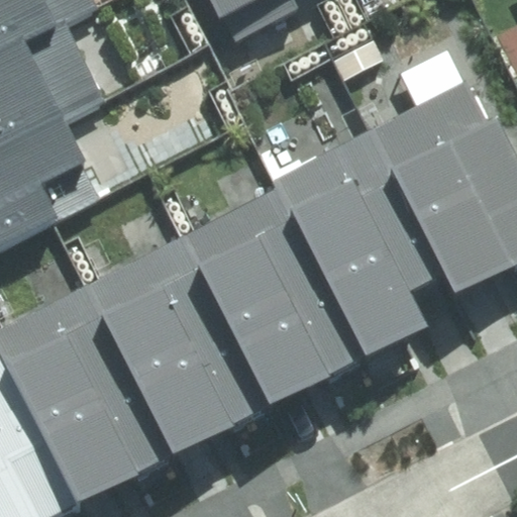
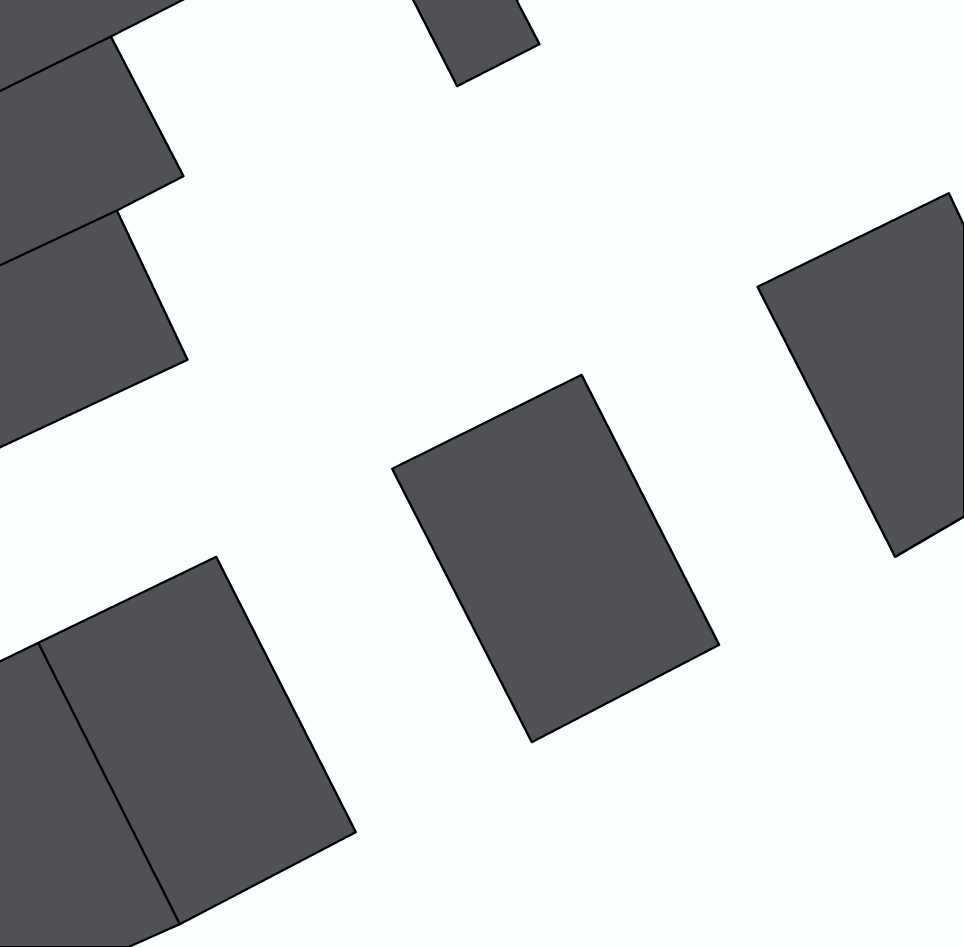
building: [307,151,473,340] -> none
building: [114,247,281,439] -> none

